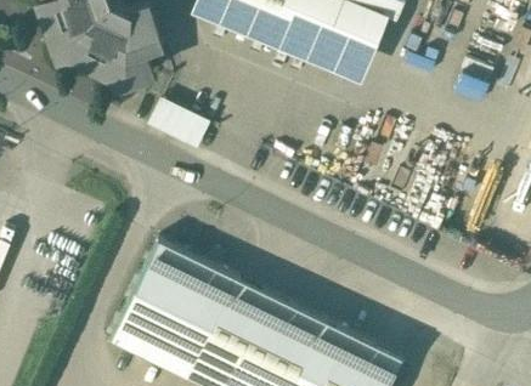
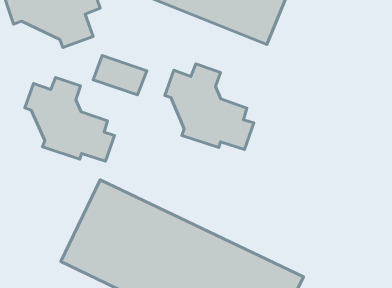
building: none -> [165,64,254,149]
building: none -> [25,77,114,161]

